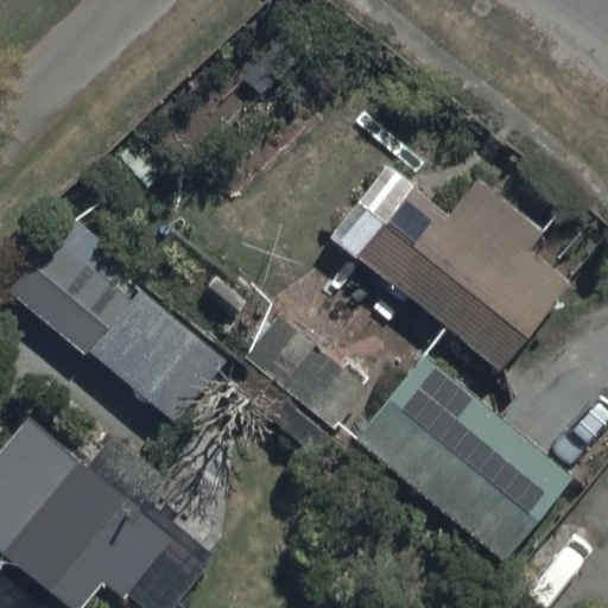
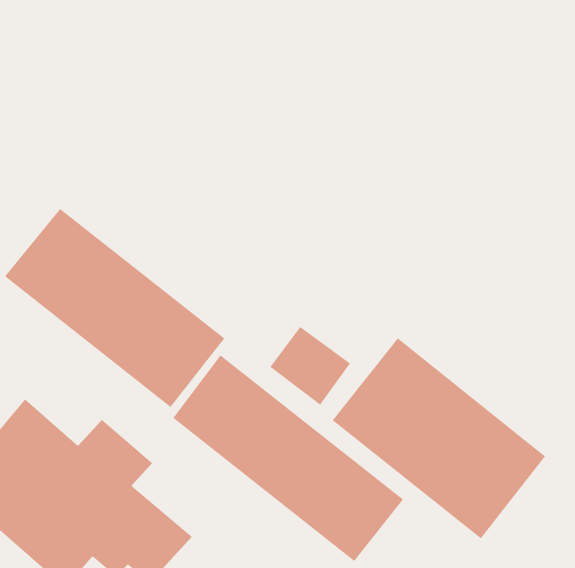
building: [327,167,569,373] -> none
building: none -> [172,355,404,562]

